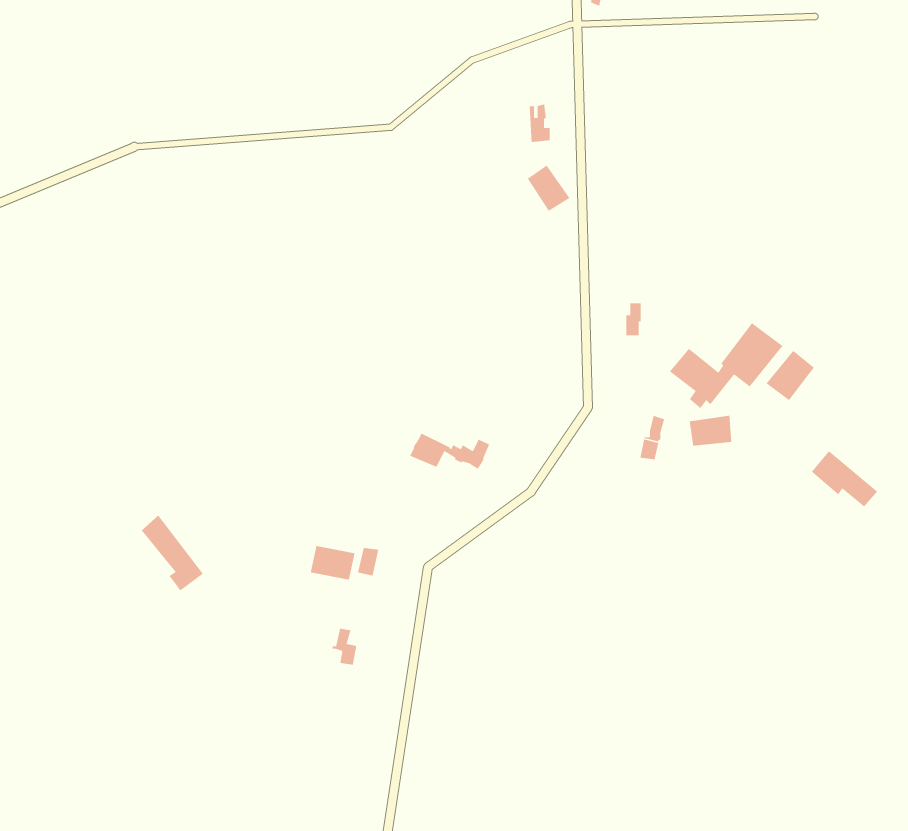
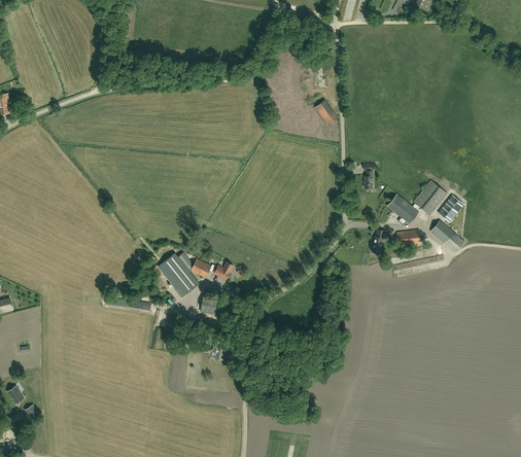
building: [409,432,490,470] -> [190,258,233,278]
building: [811,450,878,507] -> [430,219,465,249]
building: [141,515,204,592] -> [161,256,194,296]

